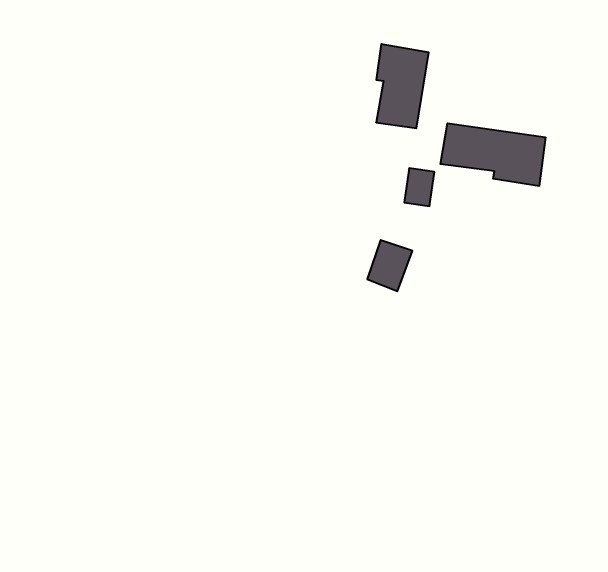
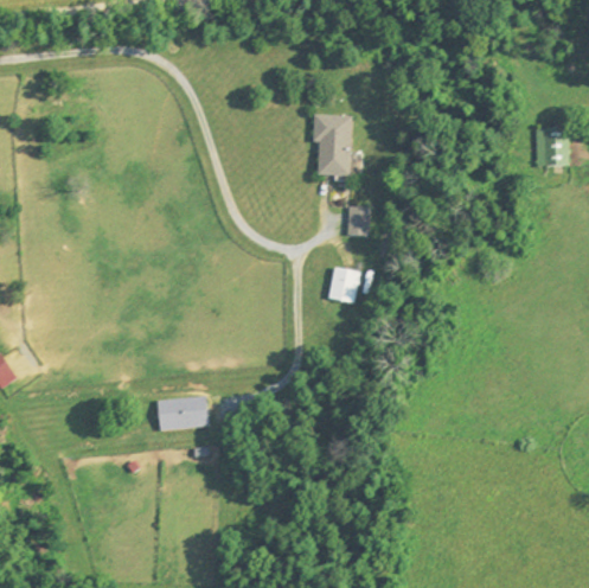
building: [440,123,545,186] -> none
building: none -> [156,396,207,430]

